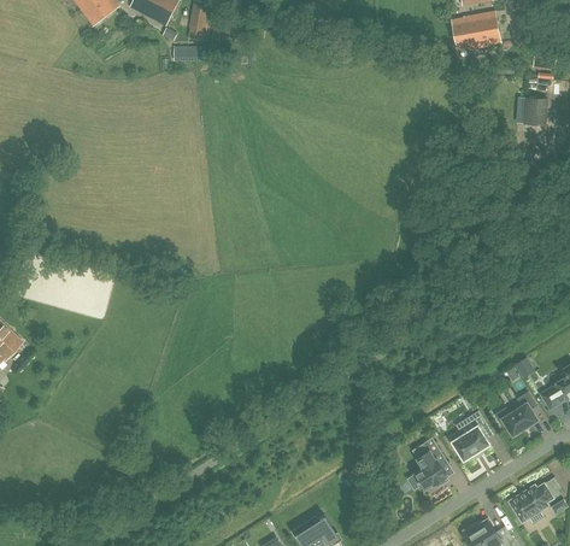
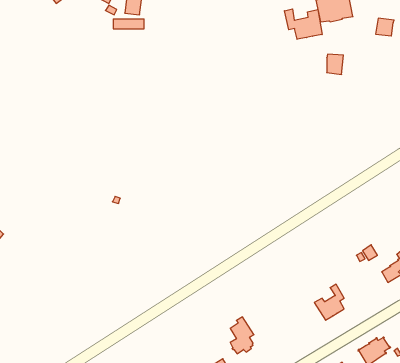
building: none -> [284,9,322,39]
building: [524,98,547,125] -> [327,54,343,74]
building: [501,392,536,436] -> none
building: [413,439,446,489] -> [230,317,254,354]

